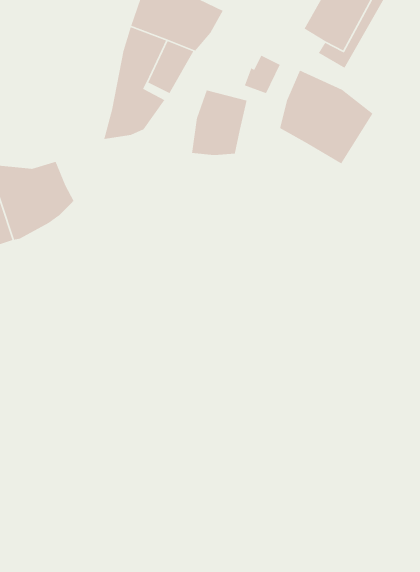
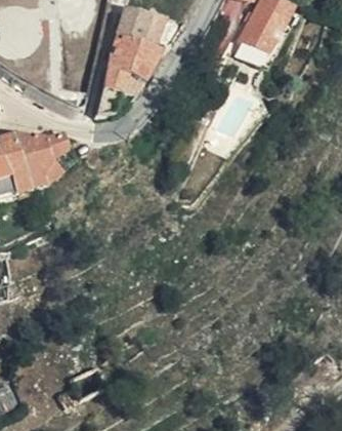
building: [279,70,374,165] -> none
building: [191,89,247,156] -> none

